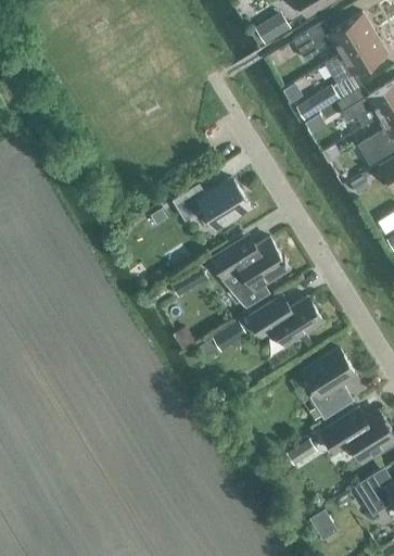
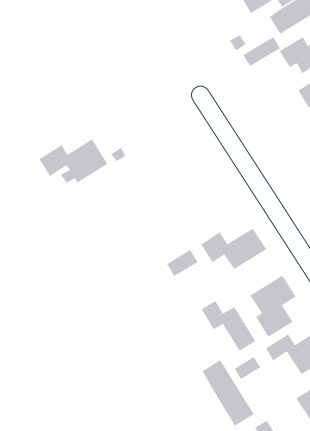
building: [173,178,250,228] -> [39,138,108,184]
building: [209,238,289,305] -> none
building: none -> [201,300,256,352]
building: none -> [202,359,254,426]

